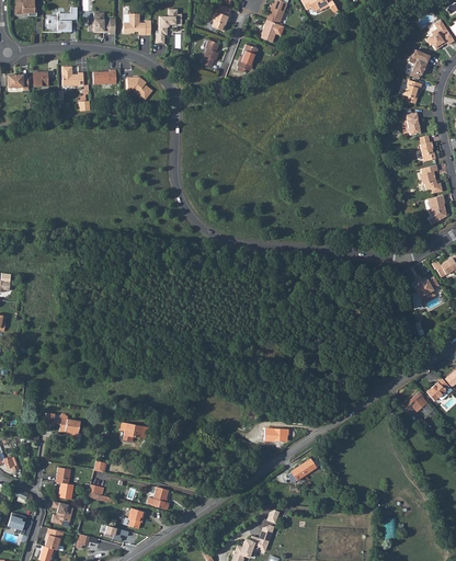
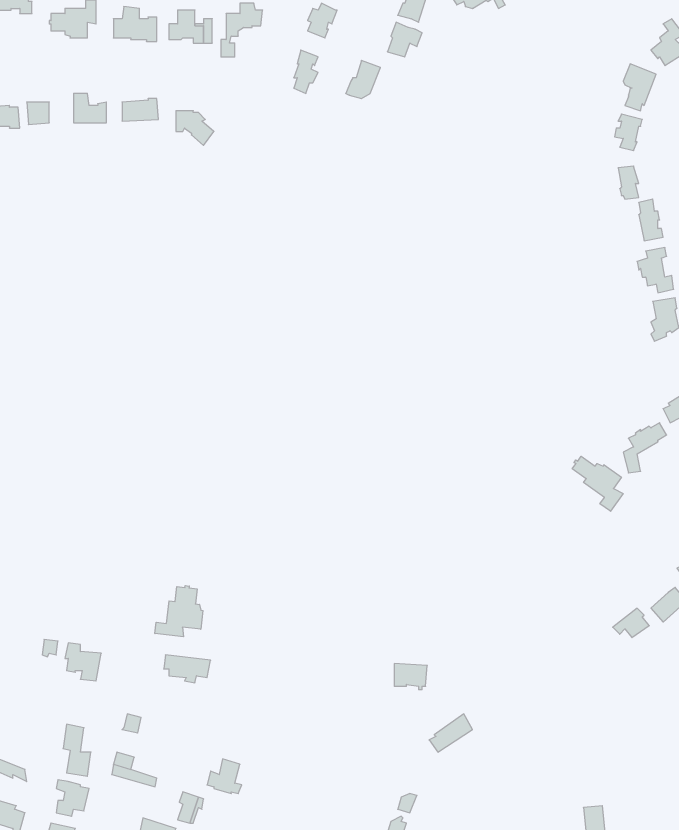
building: none -> [572,456,623,511]
building: none -> [155,586,203,637]

